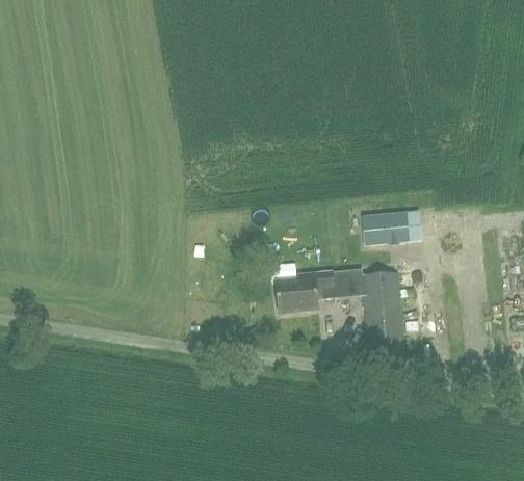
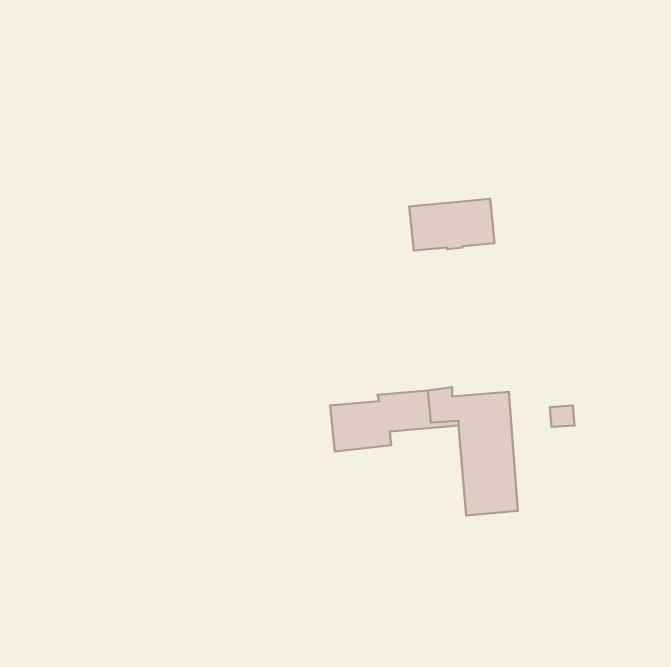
building: [364,210,422,245] -> [409,199,495,251]

